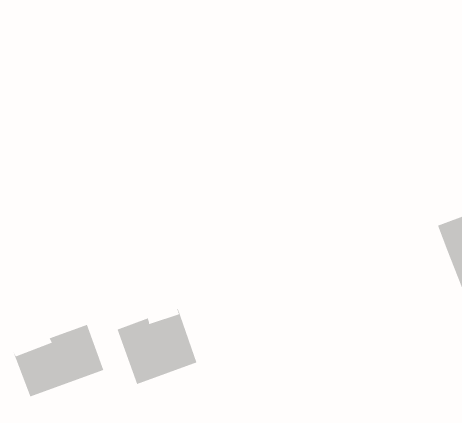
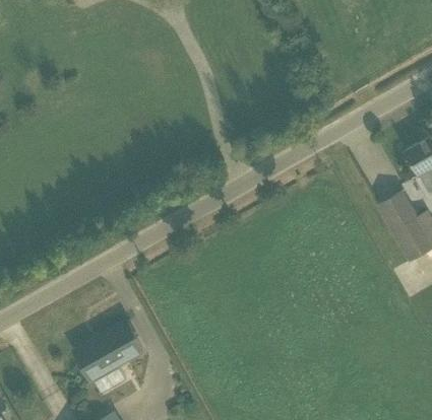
building: [117,308,197,385] -> none

